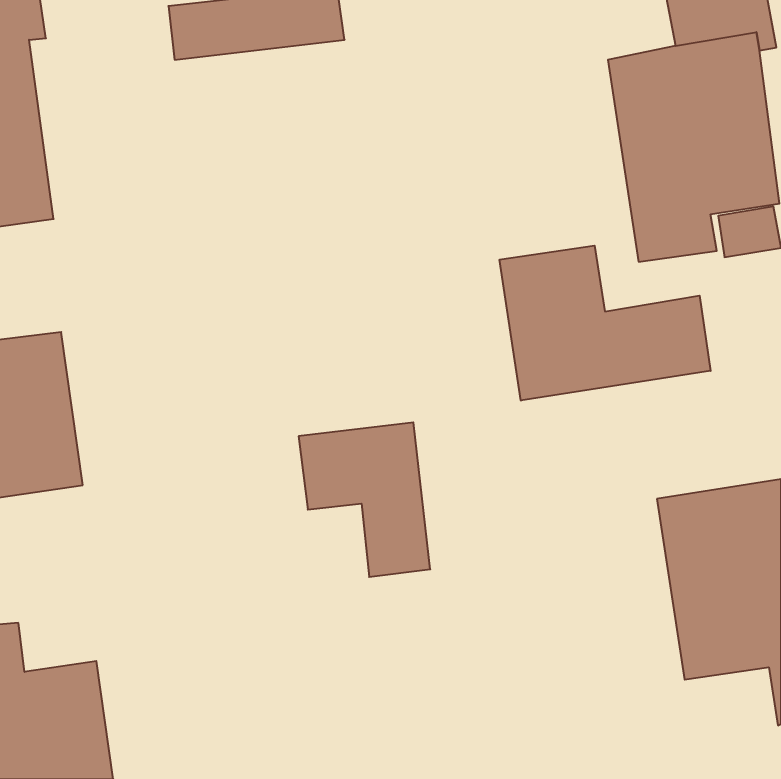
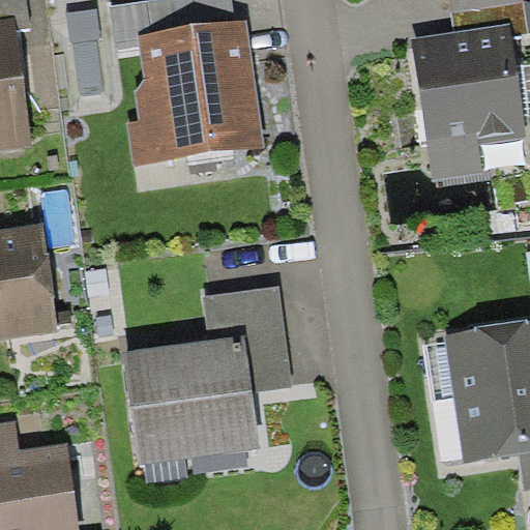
building: none -> [134,30,256,157]
building: [500,246,711,401] -> none
building: none -> [123,341,257,464]

